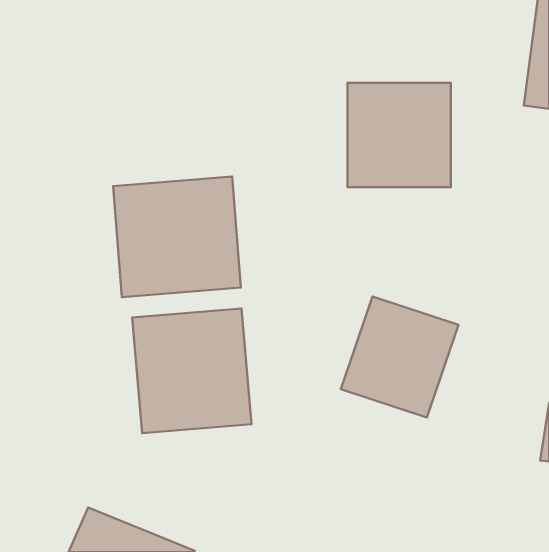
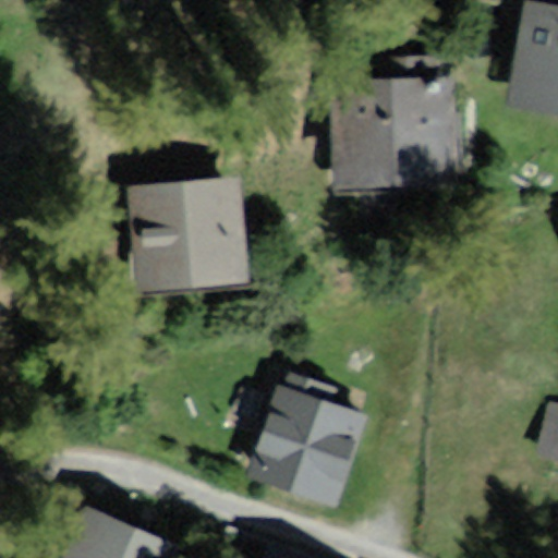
building: [341,297,459,417] -> [258,386,376,507]
building: [132,309,251,433] -> none

